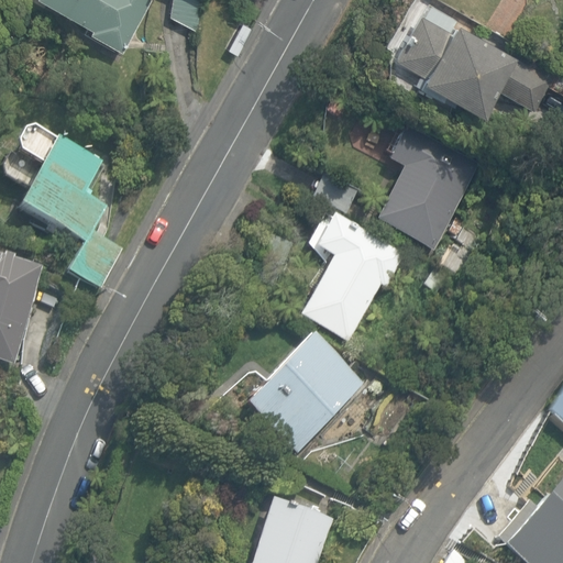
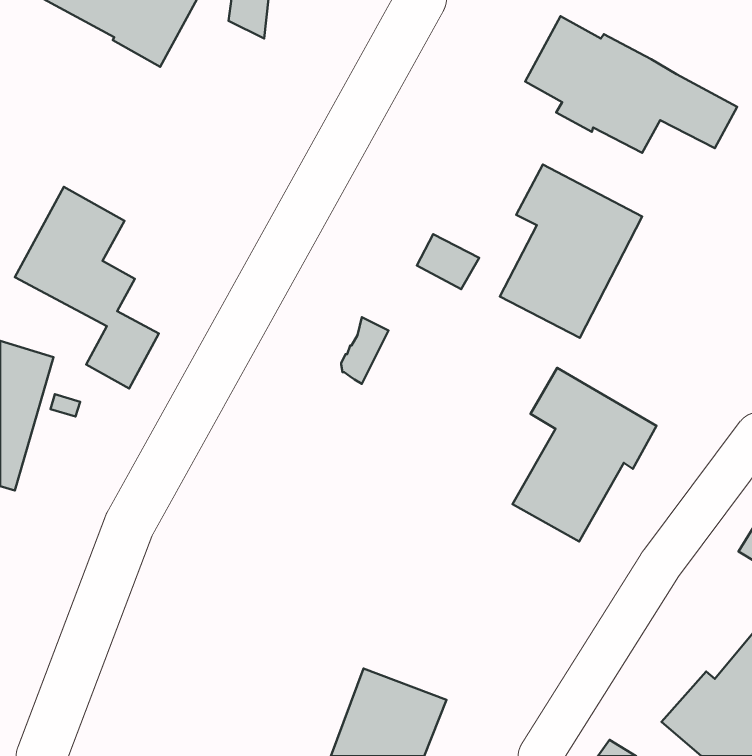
building: [299,213,406,342] -> [513,368,656,541]
building: [245,333,363,453] -> none

